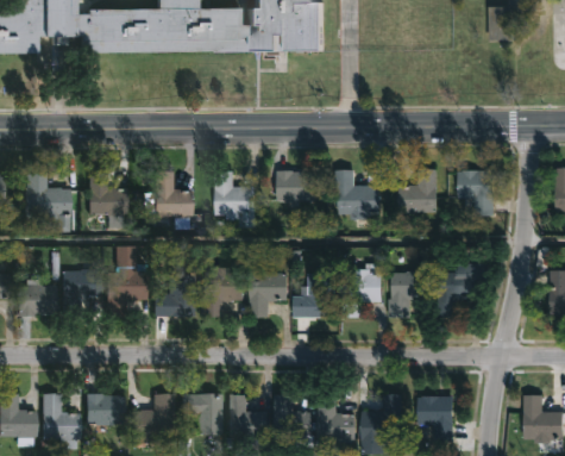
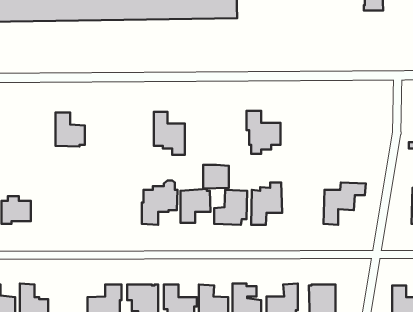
building: [400,168,438,212] -> none
building: [277,169,310,200] -> [203,165,229,189]
building: [459,169,494,214] -> none
building: [144,170,193,229] -> none
building: [25,171,69,220] -> none
building: [106,245,146,313] -> none
building: [62,269,101,300] -> none
building: [388,270,426,317] -> none
building: [153,275,193,317] -> none
building: [84,393,124,424] -> none

